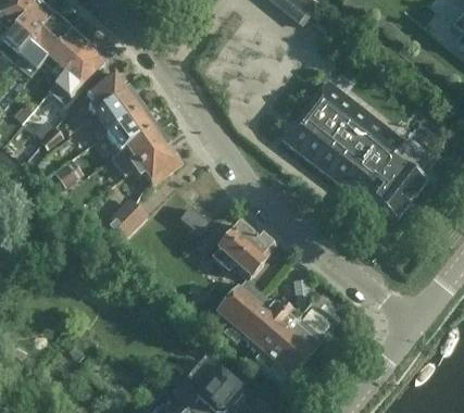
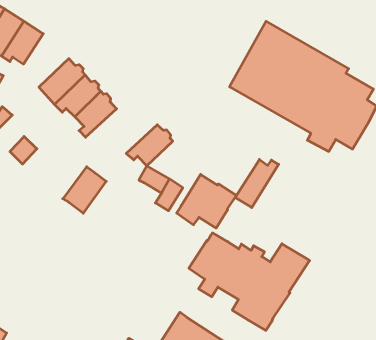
building: [86,70,127,112] -> none
building: [133,145,180,184] -> [126,125,173,166]
building: none -> [235,159,279,208]

